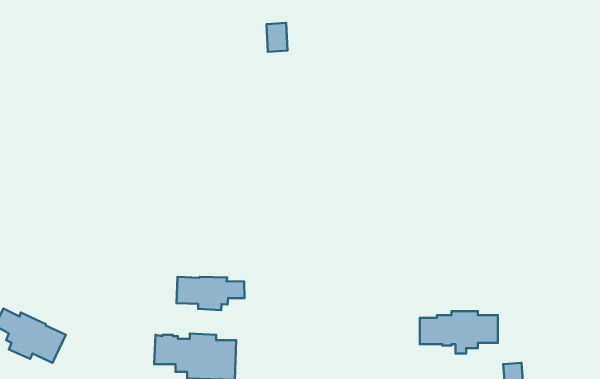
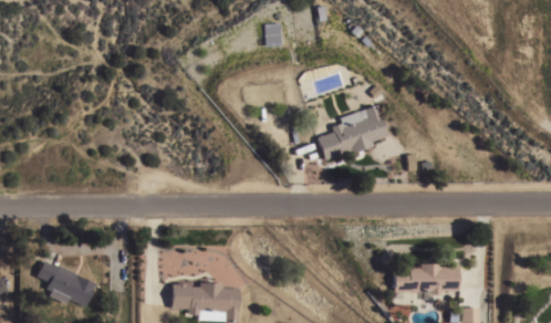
building: none -> [316,104,387,159]
building: [177,277,245,310] -> none

